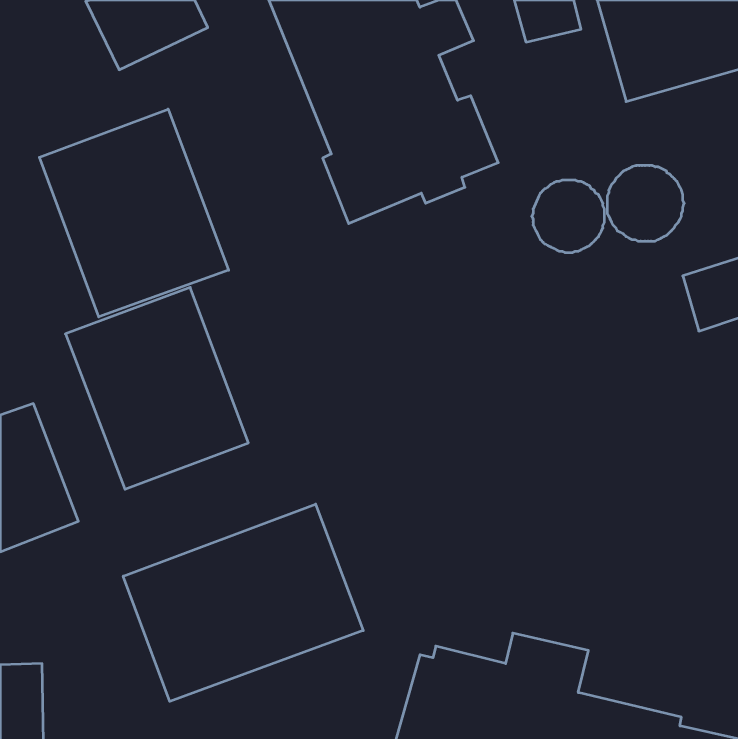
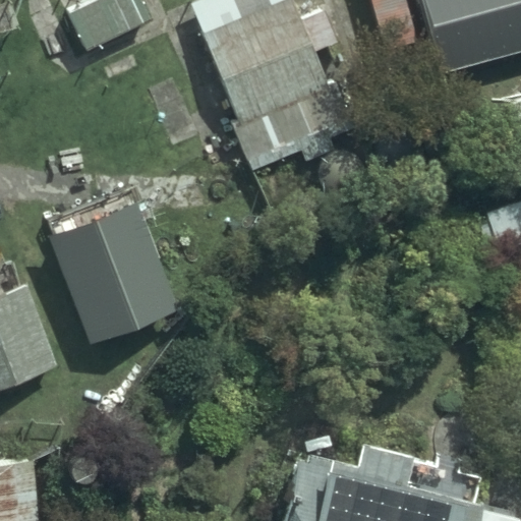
building: [39,109,229,317] -> none
building: [123,504,363,701] -> none

